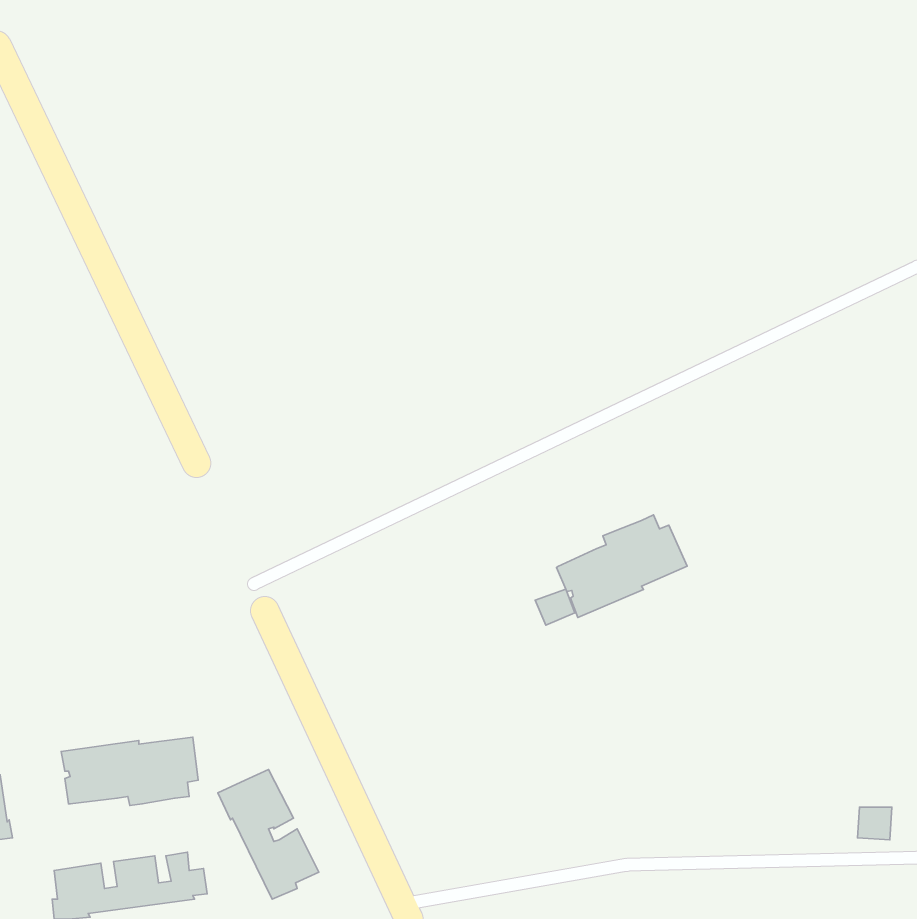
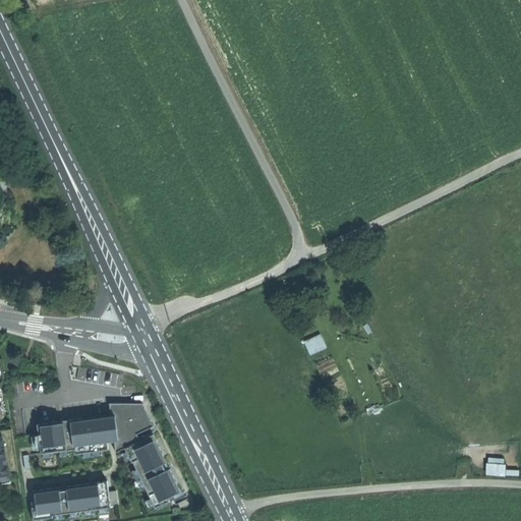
building: [556,515,687,617] -> none
building: none -> [108,403,152,453]

